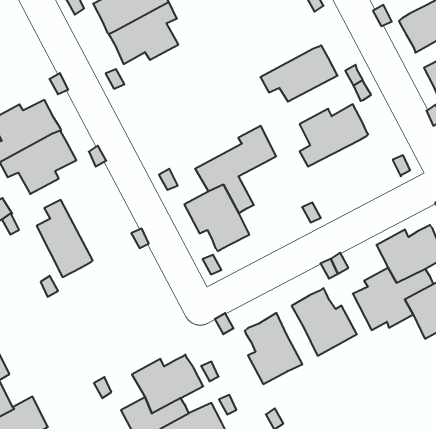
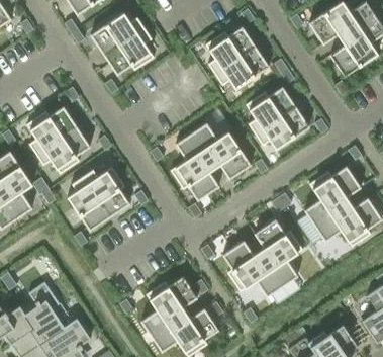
building: none -> [206,26,256,74]
building: none -> [256,106,309,149]
building: none -> [207,131,251,179]
building: none -> [83,167,130,216]
building: none -> [254,248,301,304]

